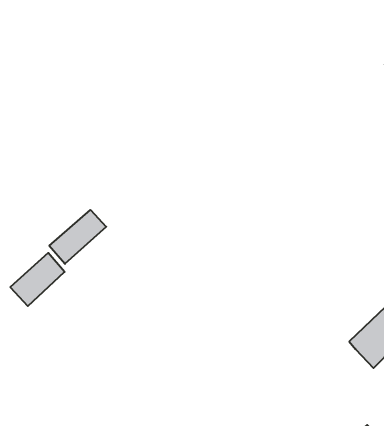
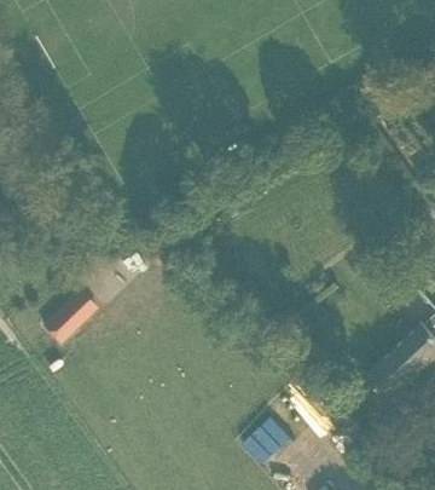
building: [49,210,106,264] -> none

